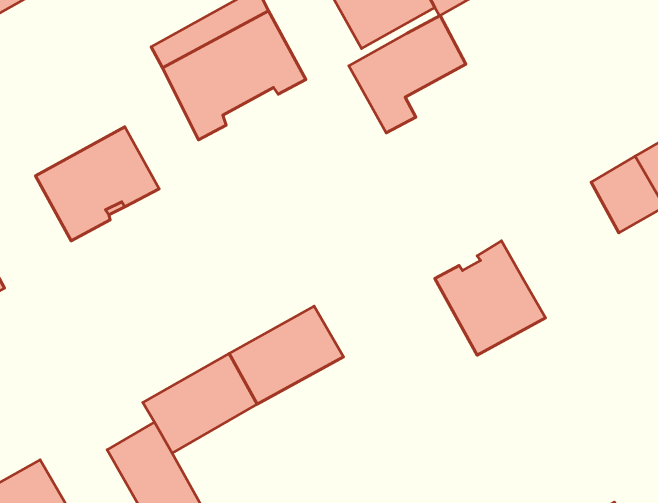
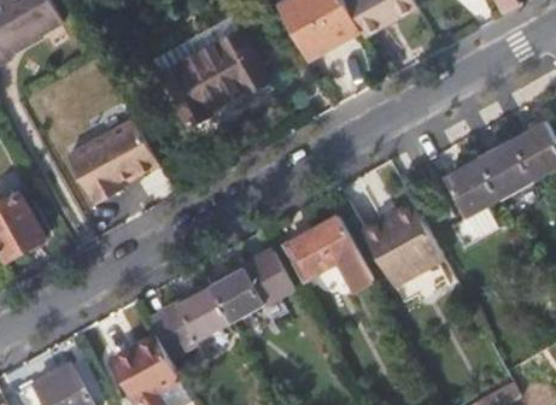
building: [349,16,466,133] -> none
building: none -> [445,159,502,243]
building: none -> [283,216,373,290]

